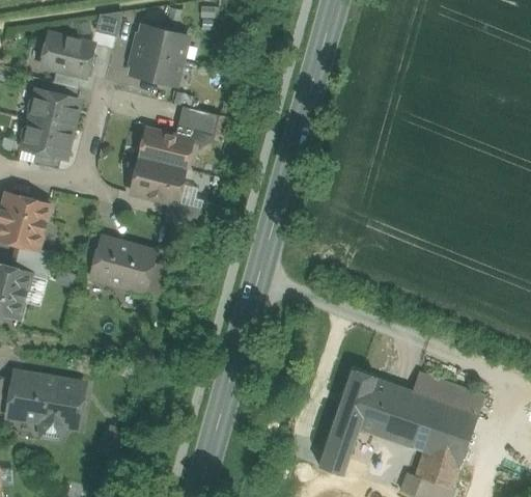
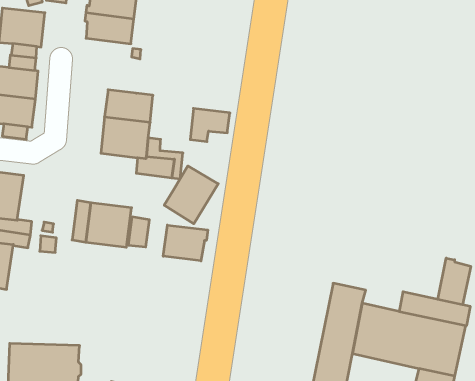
building: [175,105,219,140] -> [190,108,230,142]
building: none -> [164,166,218,224]
building: none -> [163,225,208,261]
building: none -> [438,258,471,305]

